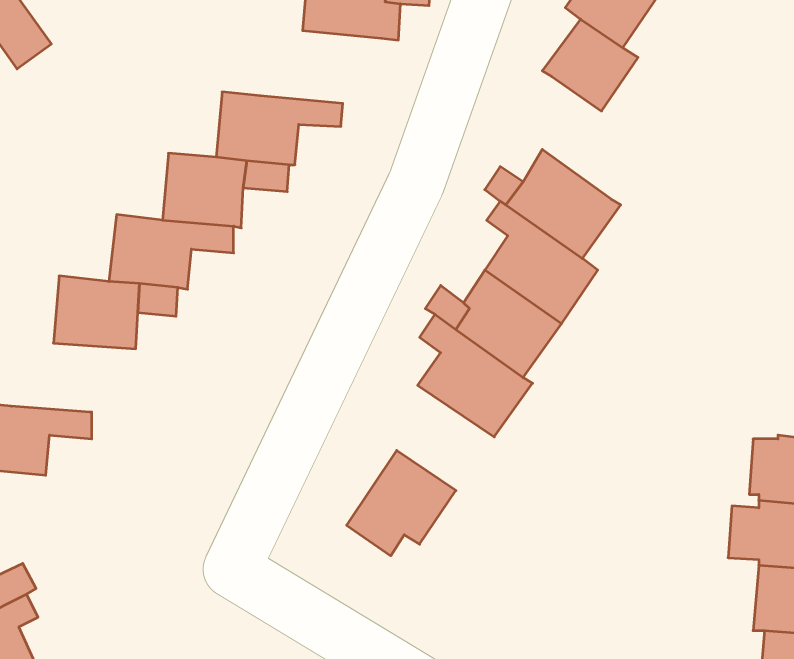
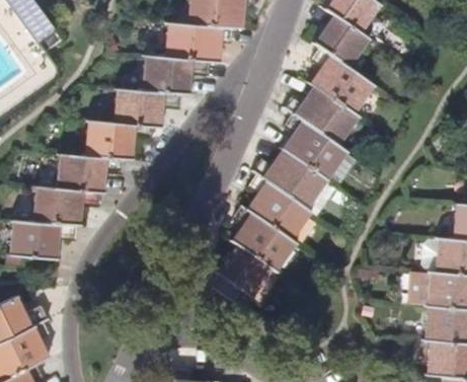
building: none -> [166,23,230,63]
building: none -> [311,49,372,113]
building: none -> [34,187,100,226]
building: none -> [233,206,294,271]

